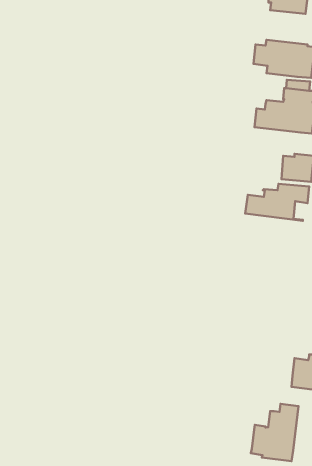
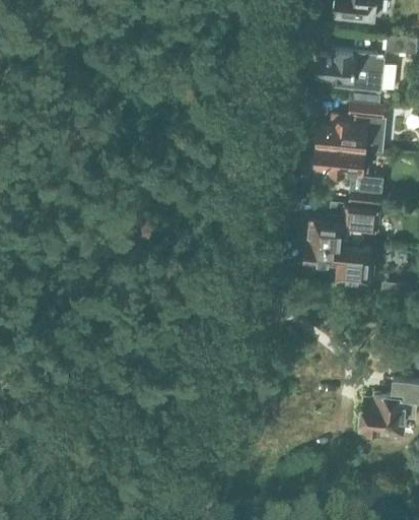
building: none -> [316,146,368,179]
building: none -> [303,241,373,281]
building: [251,404,298,461] -> none

